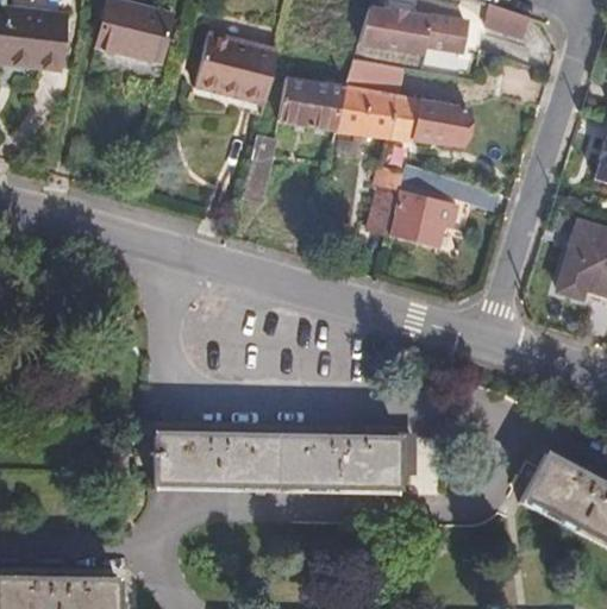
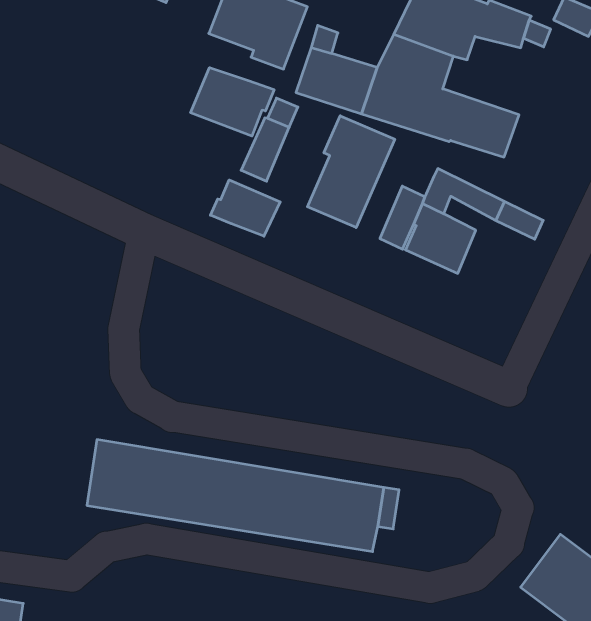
building: none -> [191,68,274,136]
building: none -> [307,116,395,228]
building: none -> [210,180,280,236]

